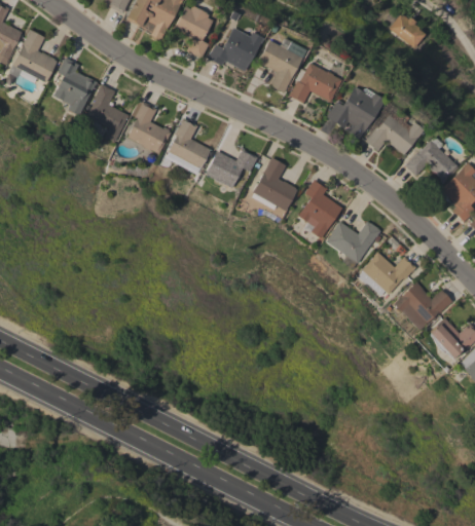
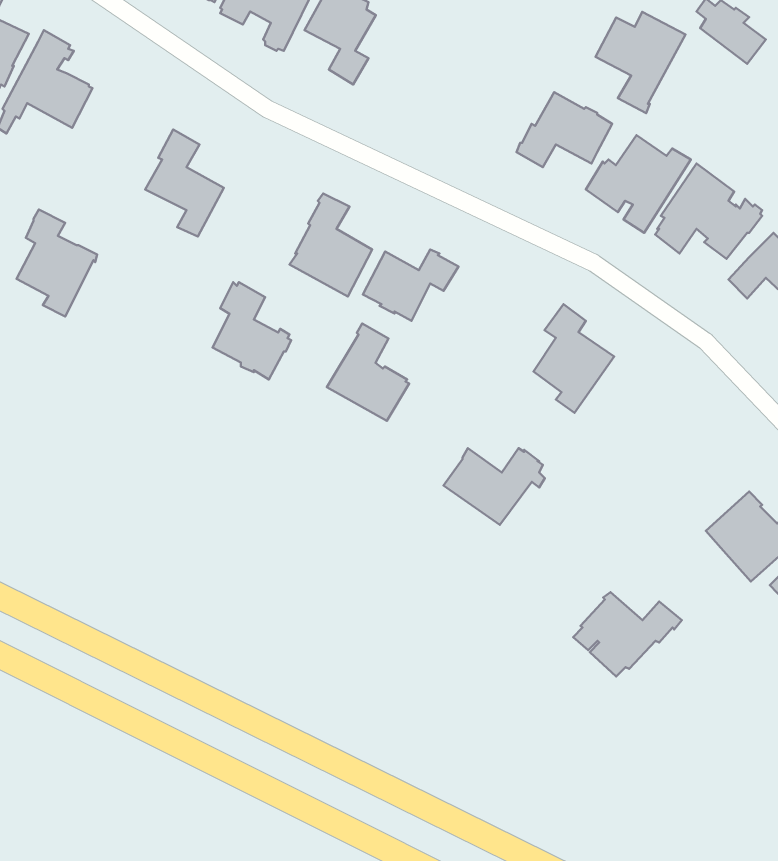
building: [207,28,262,71] -> none
building: [257,37,306,92] -> [595,12,685,113]
building: [52,57,97,115] -> [16,210,97,316]
building: [127,101,171,154] -> [213,282,291,380]
building: [252,157,297,211] -> [327,323,409,421]
building: [326,221,381,263] -> [444,448,545,525]
building: [357,252,416,298] -> [573,592,682,676]

